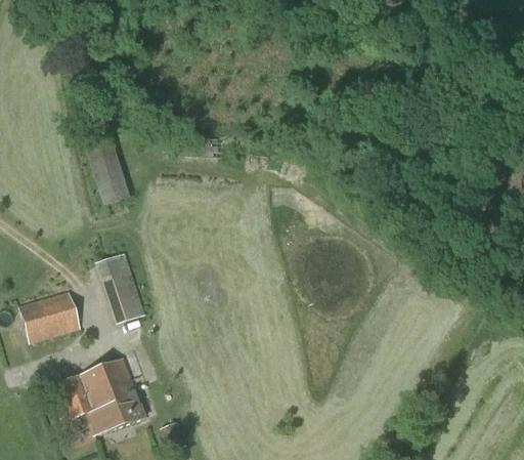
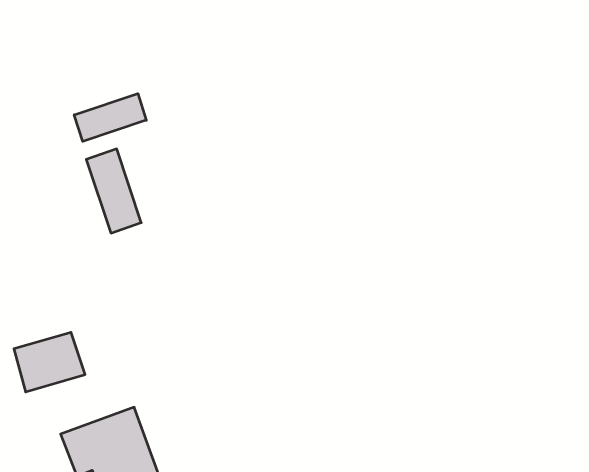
building: none -> [74,94,146,141]
building: [95,252,149,323] -> none

